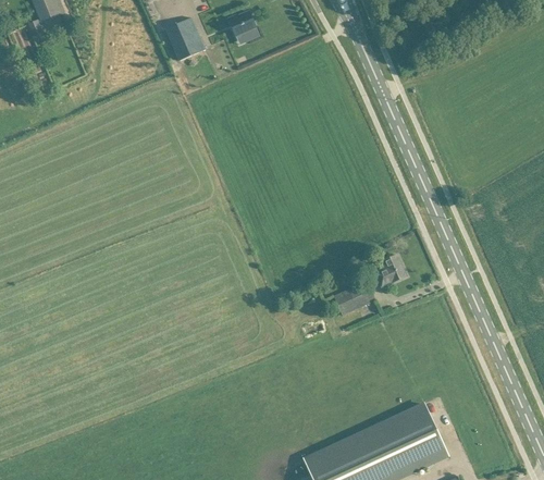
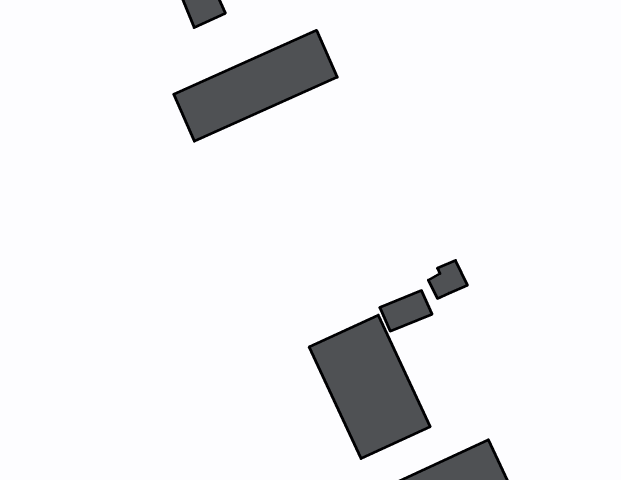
building: none -> [174,30,337,141]
building: none -> [309,315,430,459]

